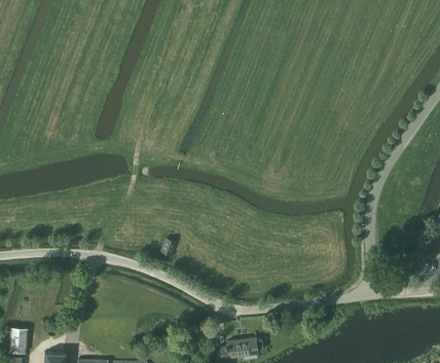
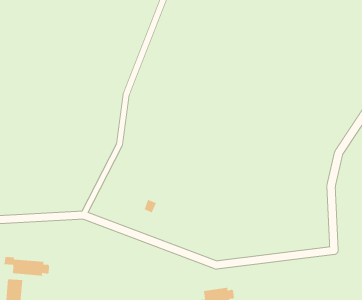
building: none -> [4,256,50,276]

